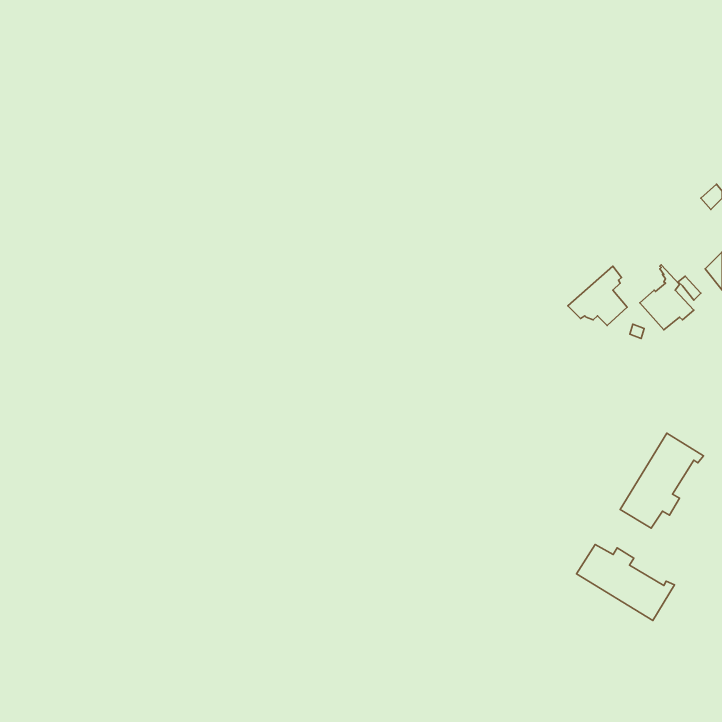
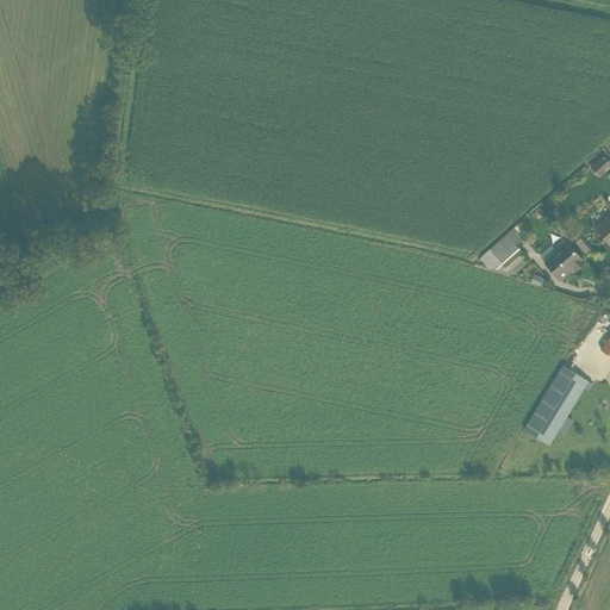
building: [577,544,675,621] -> none

